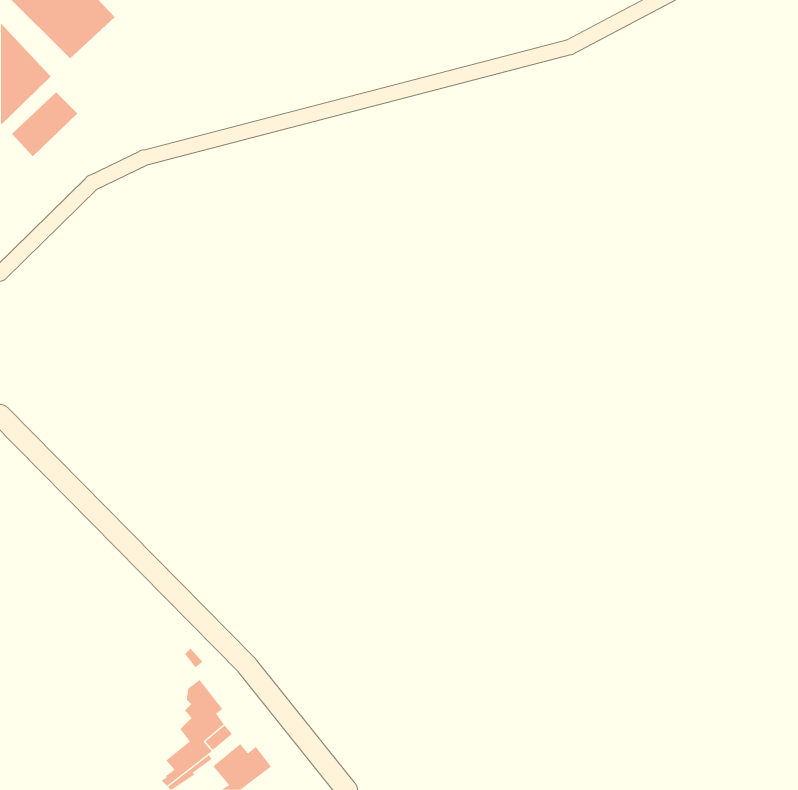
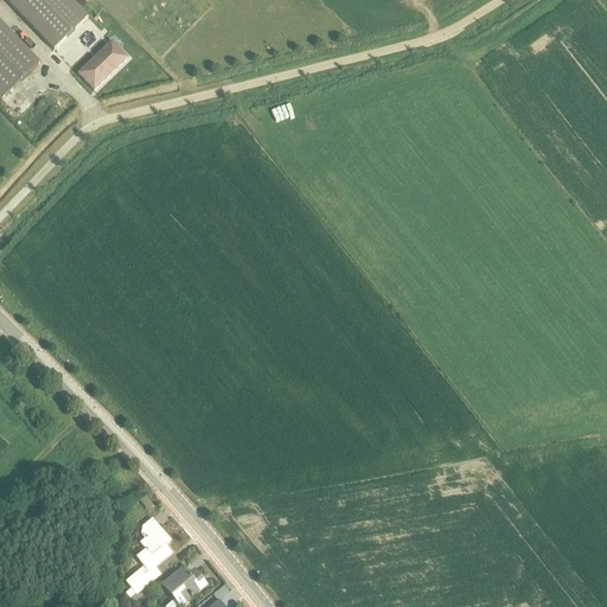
building: [11,92,78,157] -> [77,37,128,87]

